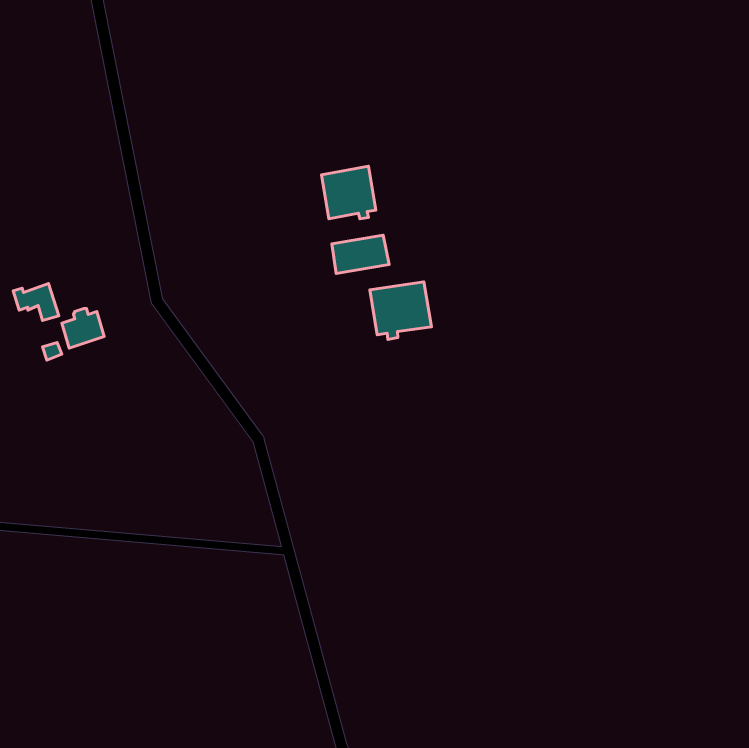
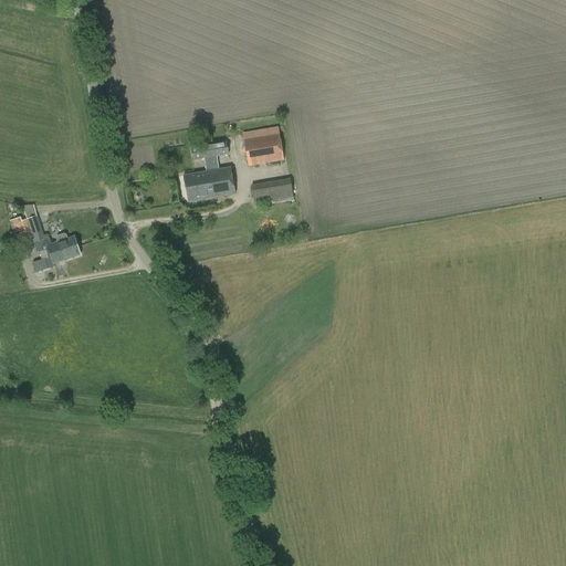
building: none -> [182,139,234,200]
building: [370,282,431,339] -> none

